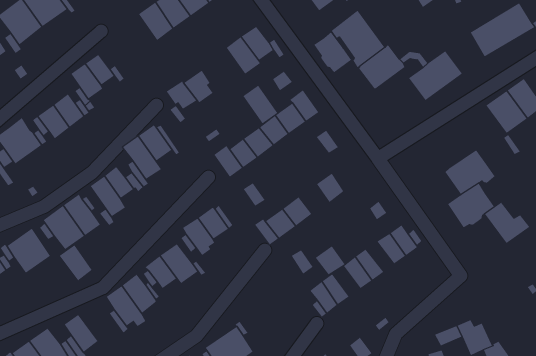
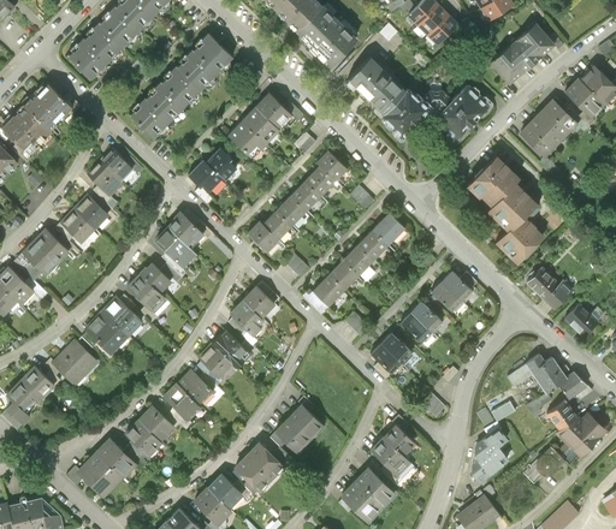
building: none -> [129,100,170,141]
building: [313,32,352,73] -> none
building: [242,85,278,124] -> [227,119,267,159]
building: none -> [467,151,521,203]
building: none -> [373,210,407,245]
building: [484,202,530,244] -> [527,268,576,310]
building: [59,244,93,281] -> [137,404,174,441]
building: [315,245,345,275] -> [343,243,375,274]
building: none -> [564,303,599,337]

